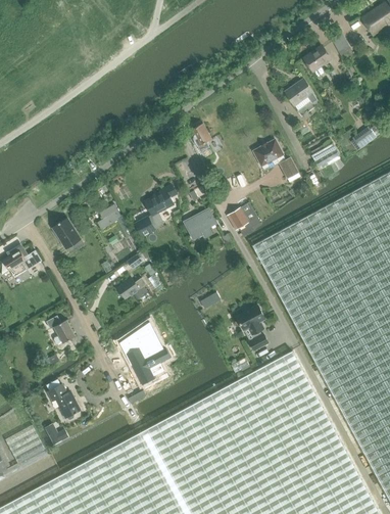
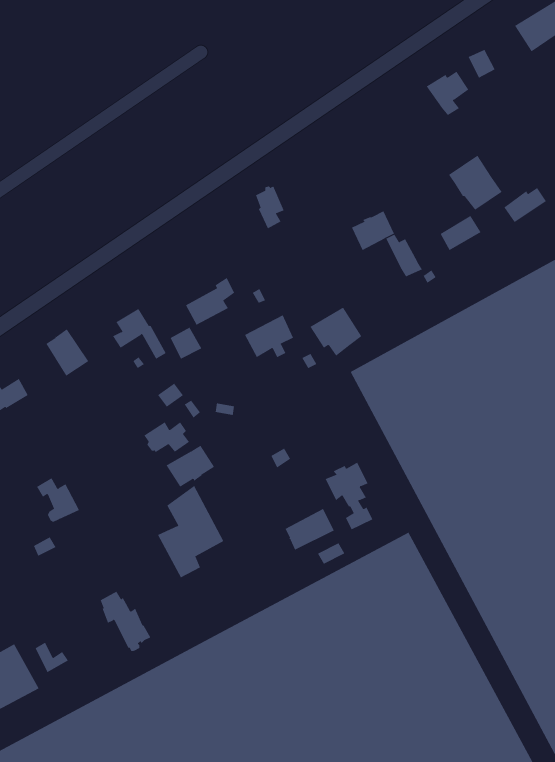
building: [286,78,322,114] -> [448,155,503,211]
building: none -> [166,445,215,487]
building: none -> [285,508,335,551]
building: [47,380,81,420] -> [100,591,151,651]

